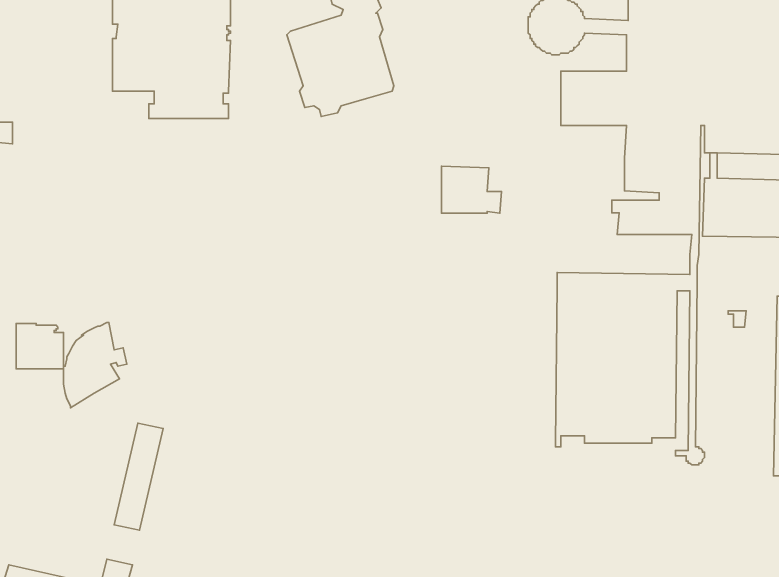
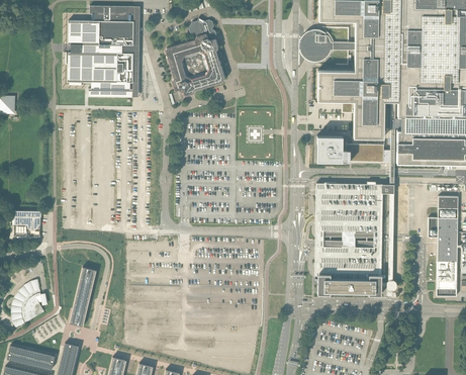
building: [442,166,502,213] -> [317,135,351,162]
building: [63,323,127,408] -> [13,280,49,327]
building: none -> [318,274,382,295]

